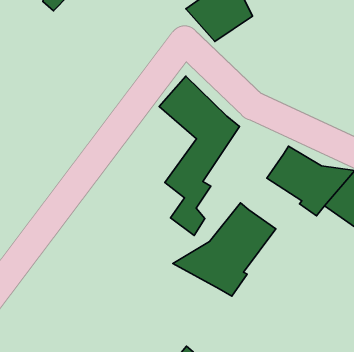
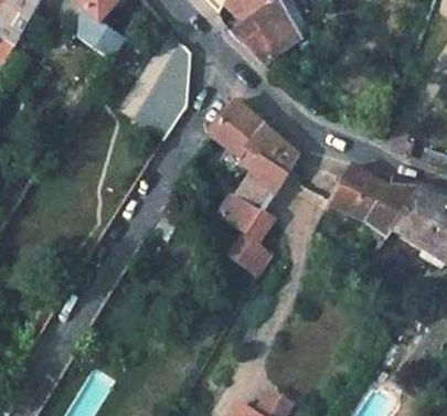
building: none -> [135,44,189,140]
building: [173,203,276,296] -> none

